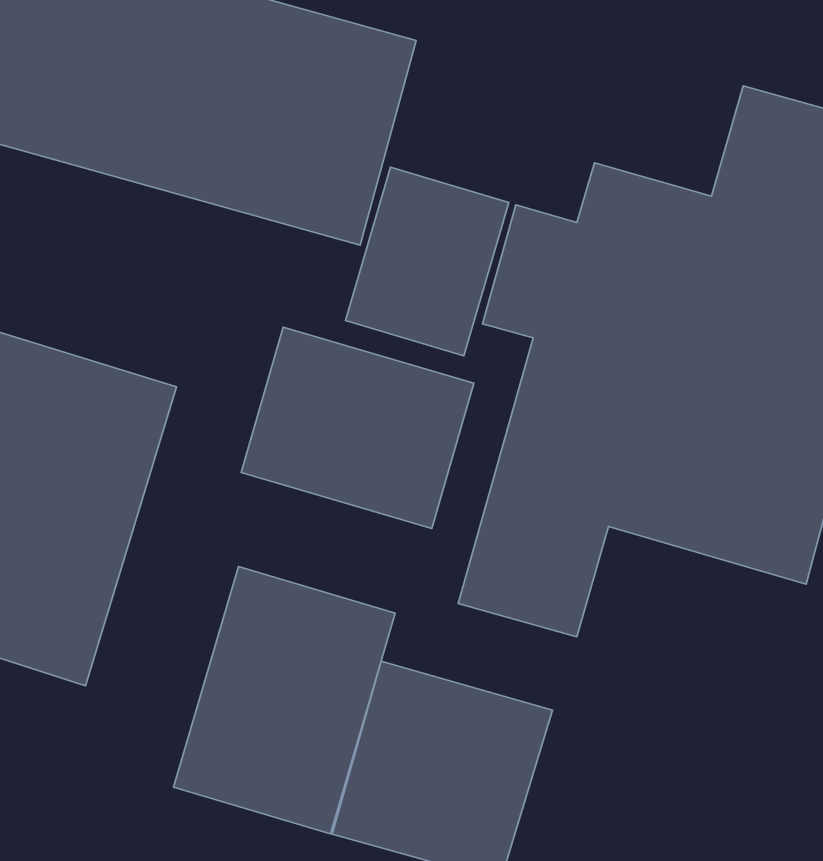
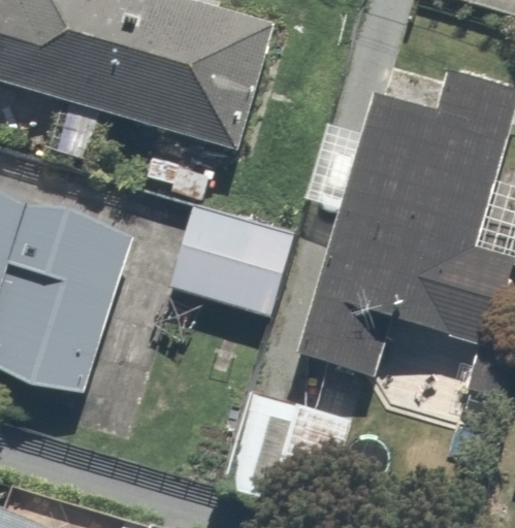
building: [345,167,509,356] -> none
building: [174,566,395,834] -> none

